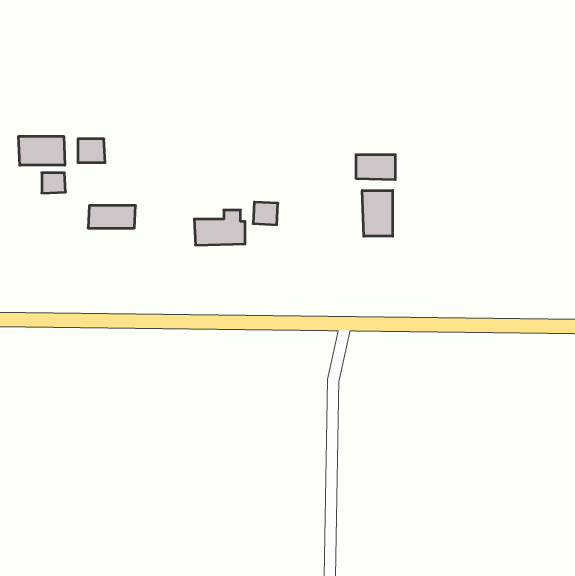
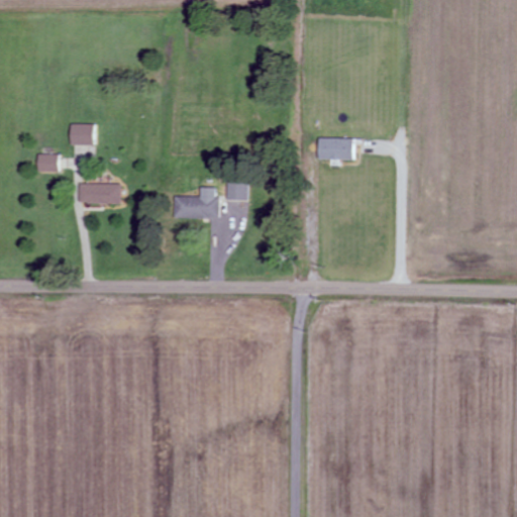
building: [19,136,65,165] -> none
building: [362,190,393,236] -> none

